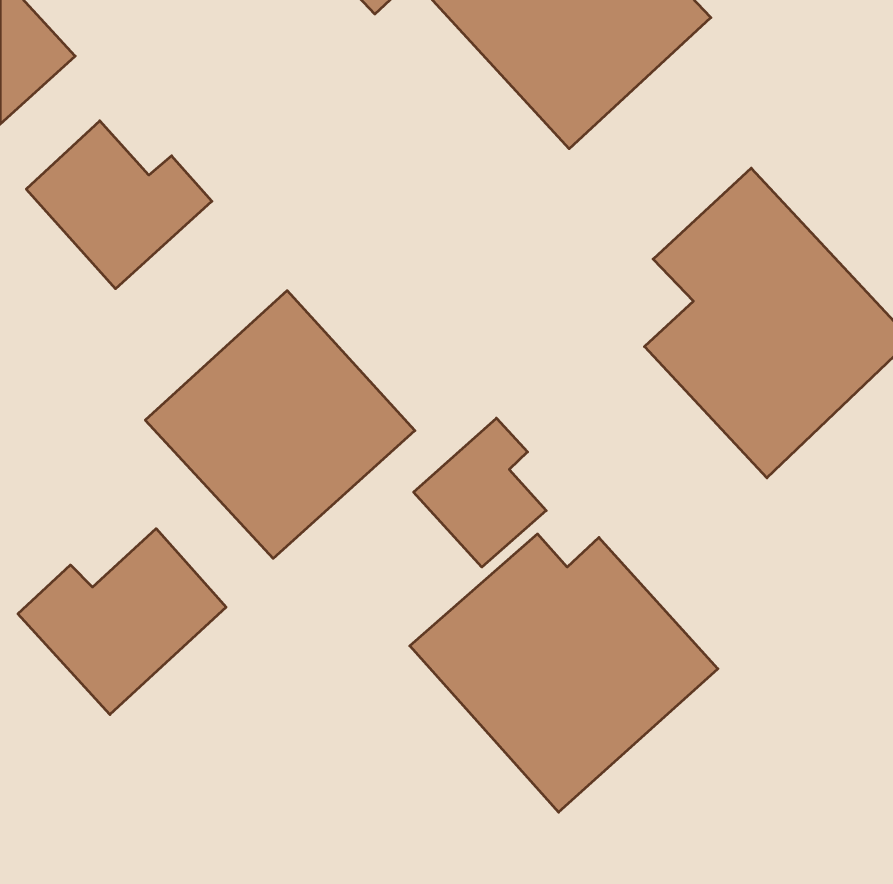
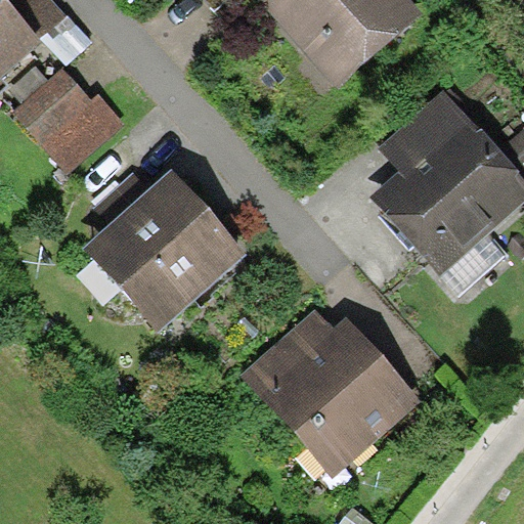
building: [414,418,546,567] -> none
building: [18,529,226,715] -> none

